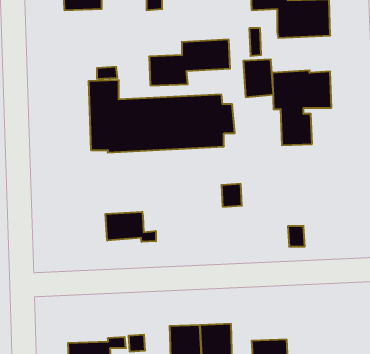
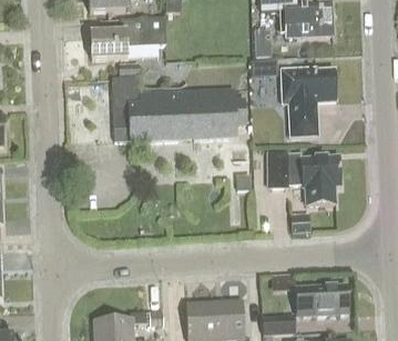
building: [149,40,230,85] -> [91,17,165,59]
building: none -> [266,151,340,203]
building: [105,212,156,242] -> none
building: none -> [296,284,348,315]

